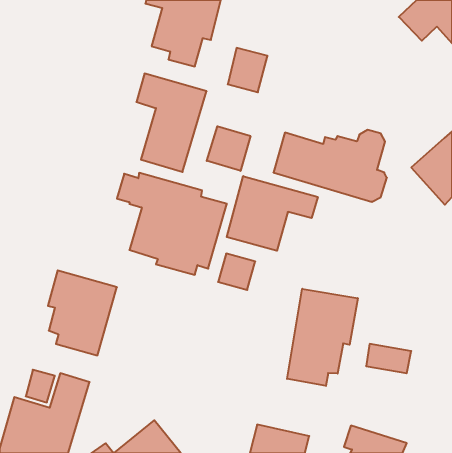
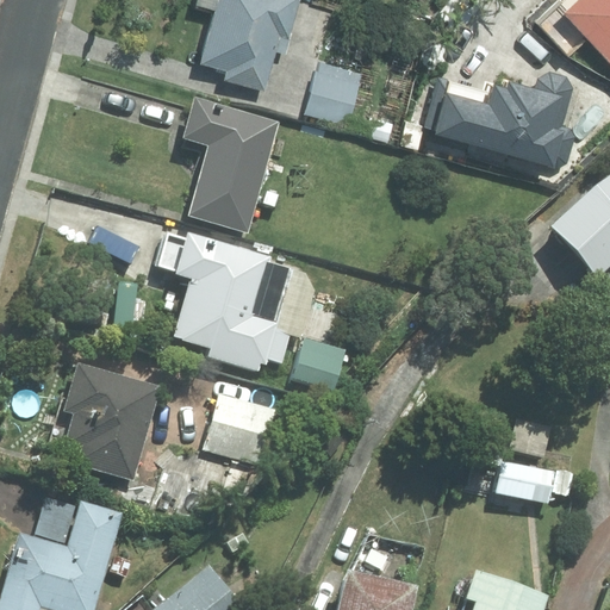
building: [207,126,250,171] -> none
building: [273,130,387,202] -> [422,73,574,169]
building: [227,176,318,251] -> none
building: [287,289,358,386] -> none
building: none -> [203,394,274,465]

